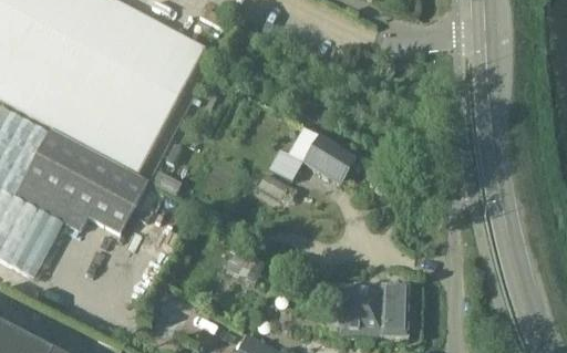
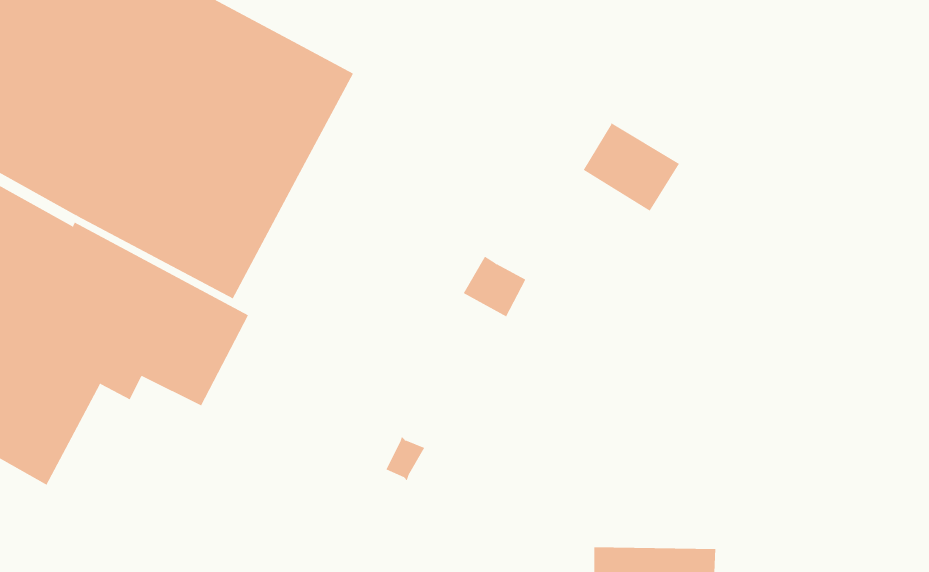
building: [302,135,357,185] -> [583,122,680,211]
building: [322,284,409,312] -> none

